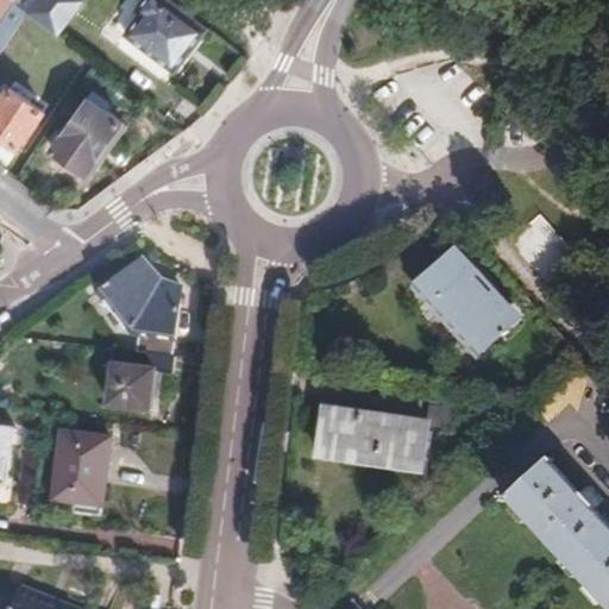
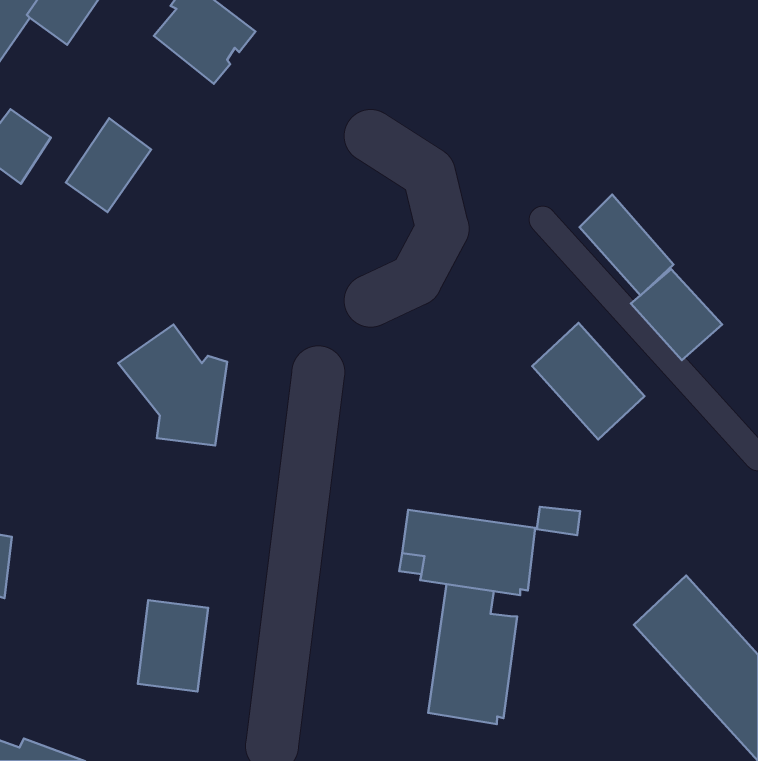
building: none -> [579,195,674,295]
building: [109,349,172,409] -> none
building: [52,432,108,504] -> [138,600,208,691]
building: none -> [428,584,517,724]

